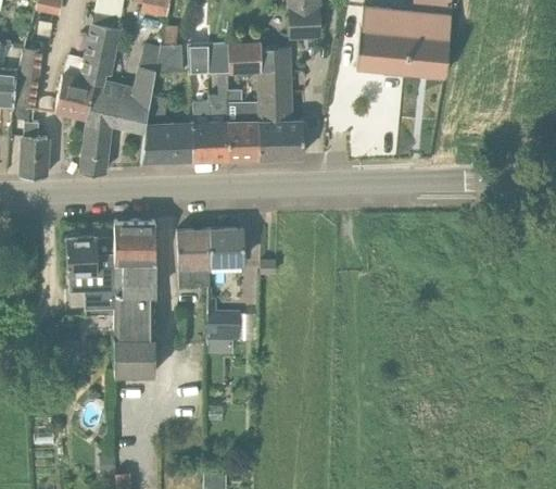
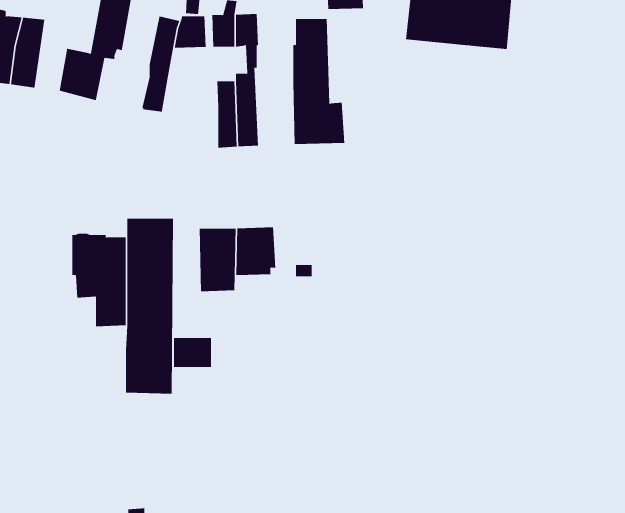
building: [228,42,261,72] -> none
building: [80,80,123,174] -> none
building: [226,91,260,159] -> none
building: [140,98,193,162] -> none
building: [21,127,49,177] -> none
building: [207,314,241,340] -> [173,337,212,367]

